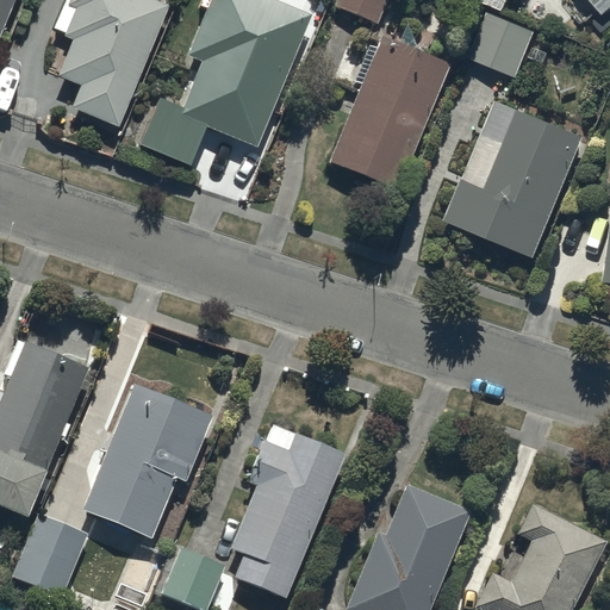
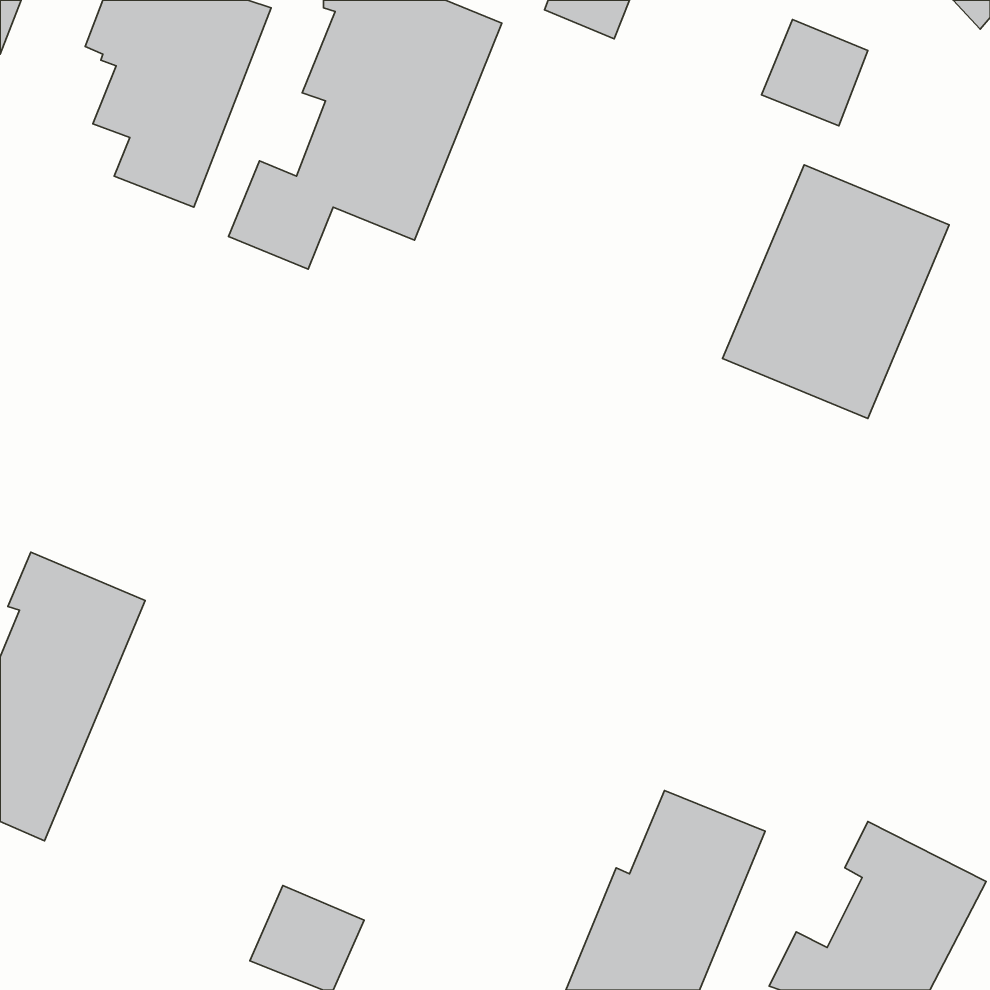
building: [330,35,452,191] -> none
building: [82,385,213,539] -> none
building: [230,424,344,598] -> none
building: [12,512,89,597] -> none

